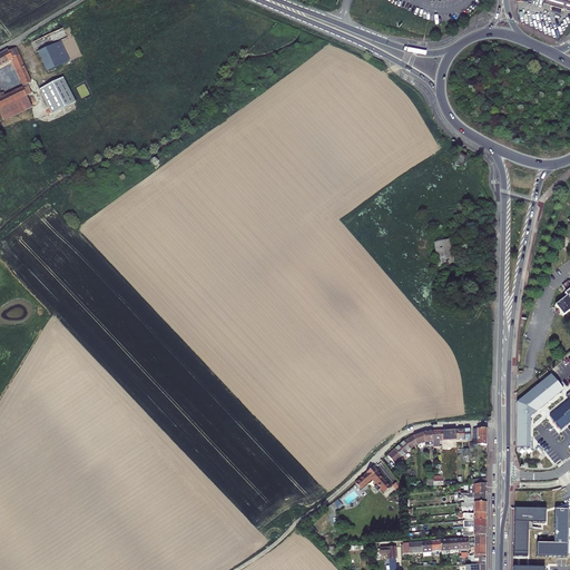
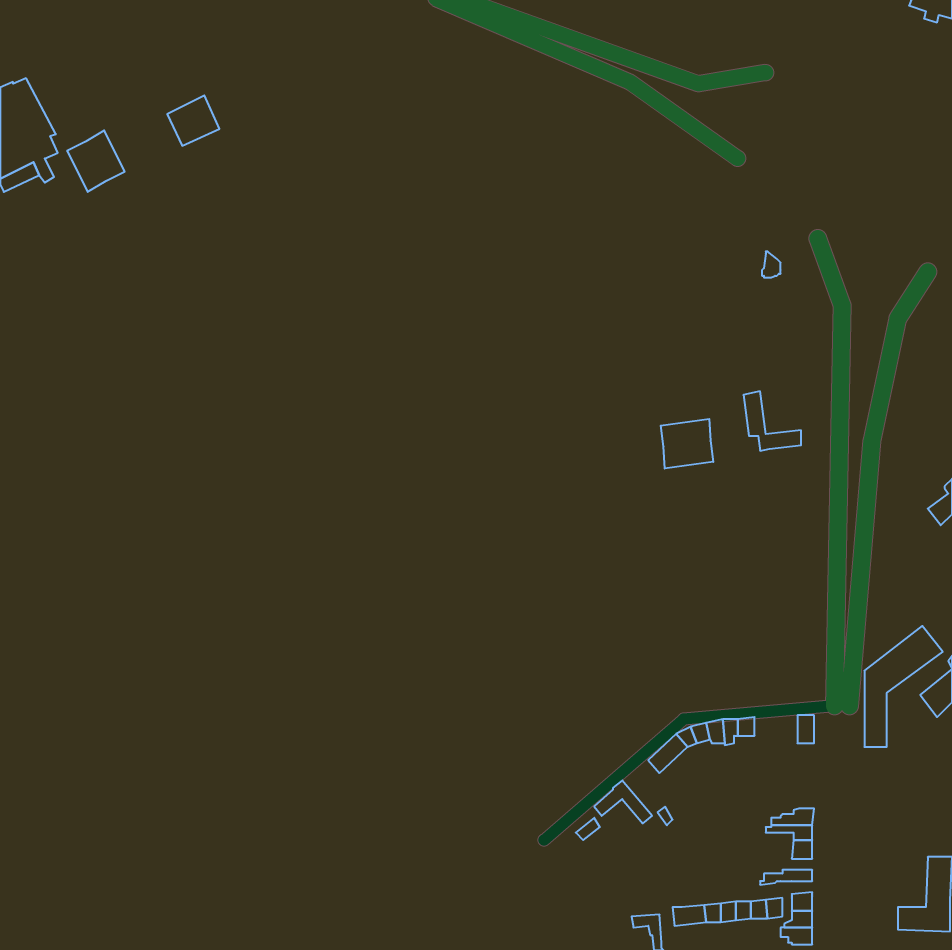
building: [38,40,69,70] -> [167,95,219,146]
building: none -> [661,419,713,469]
building: [513,508,546,552] -> none

